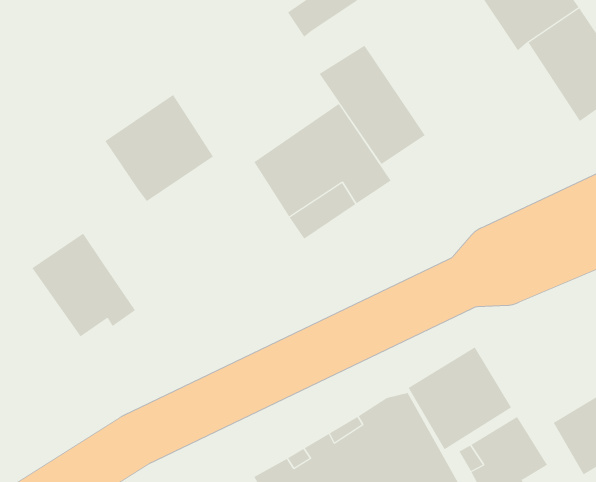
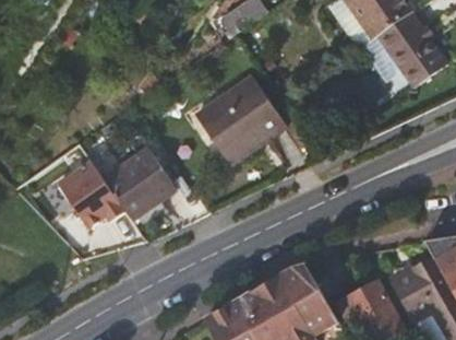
building: [319,45,425,165] -> none
building: [105,94,214,202] -> [105,148,176,218]
building: [408,347,512,450] -> none

